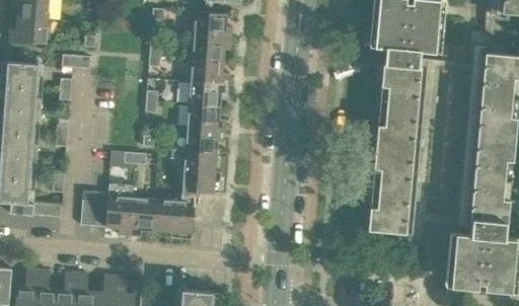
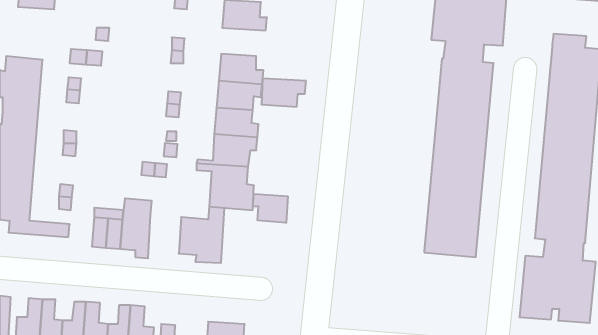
building: [9,18,49,45] -> none
building: [193,36,231,61] -> [261,79,306,107]
building: none -> [253,194,288,223]
building: [130,198,158,236] -> none

